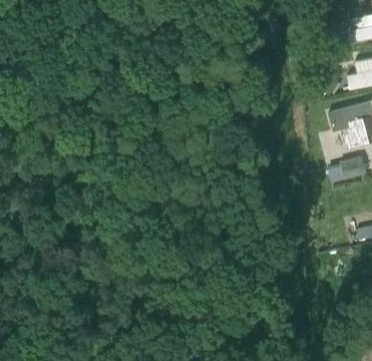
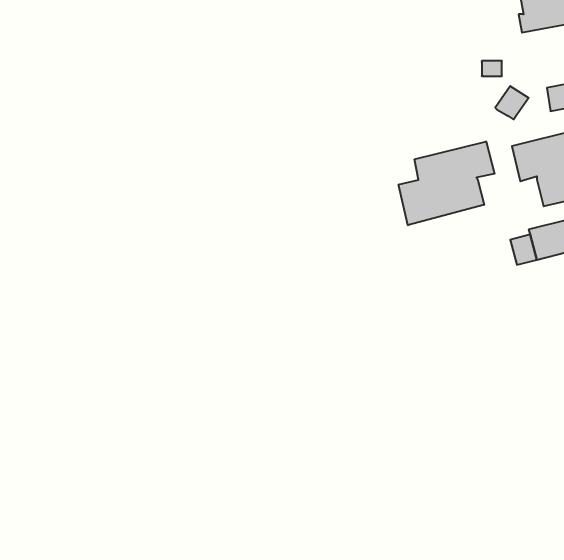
building: none -> [399,141,495,225]

